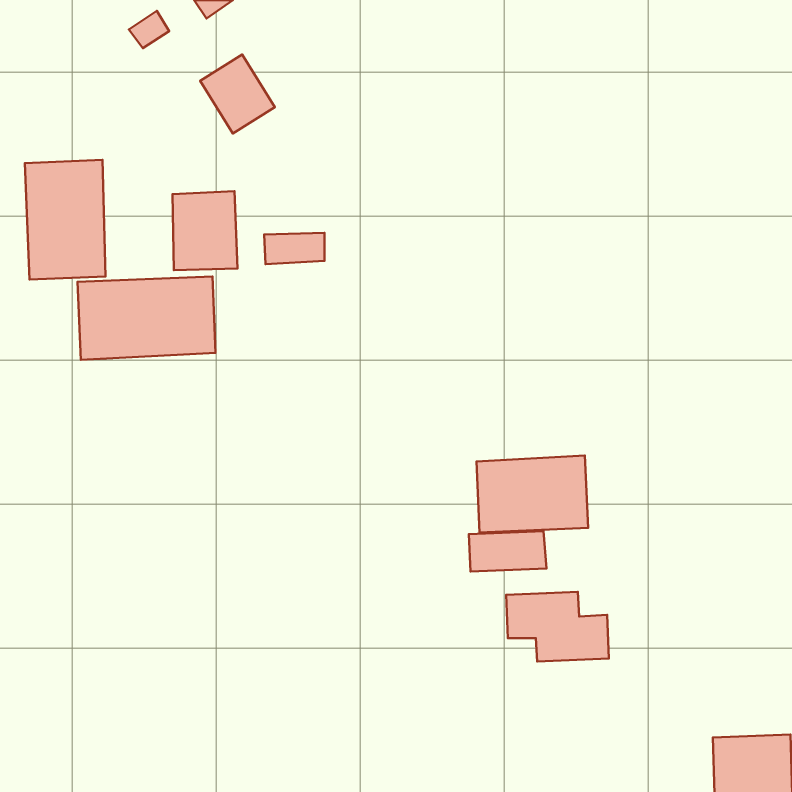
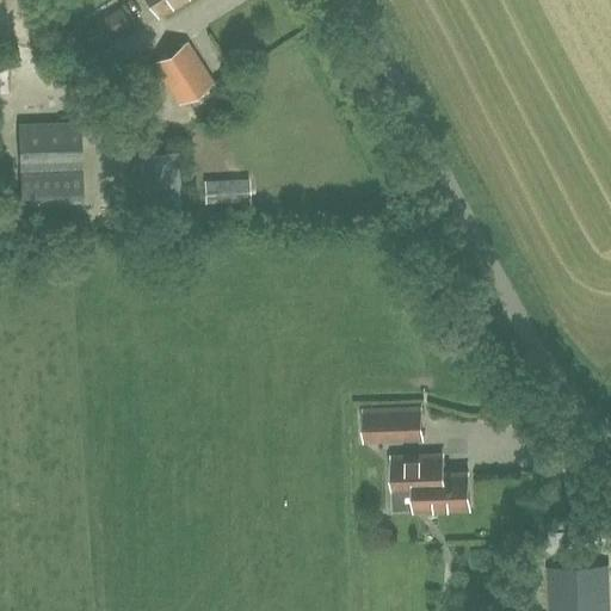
building: [78,276,216,360] -> none
building: [477,455,588,533] -> none

